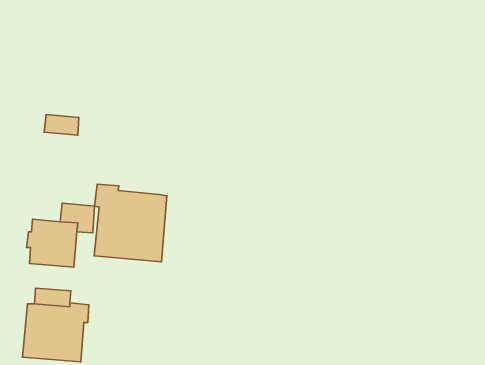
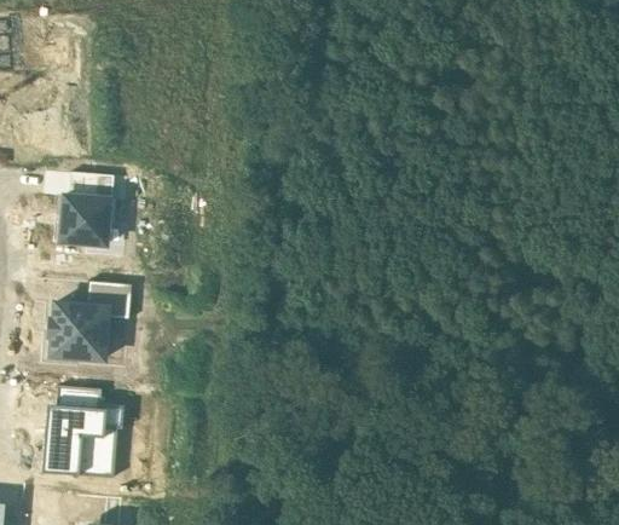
building: none -> [60,196,111,246]
building: [94,184,167,262] -> none

